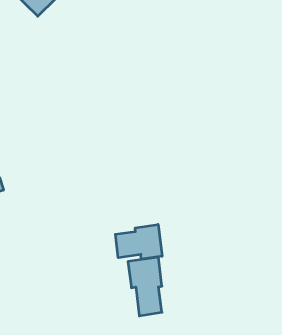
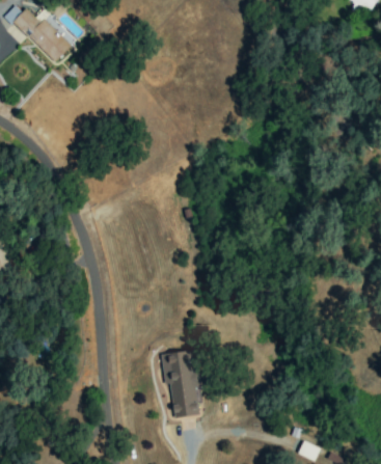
building: [115,224,162,259] -> none

